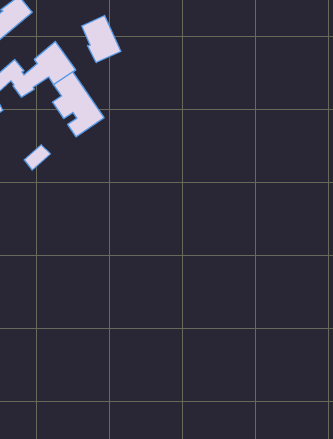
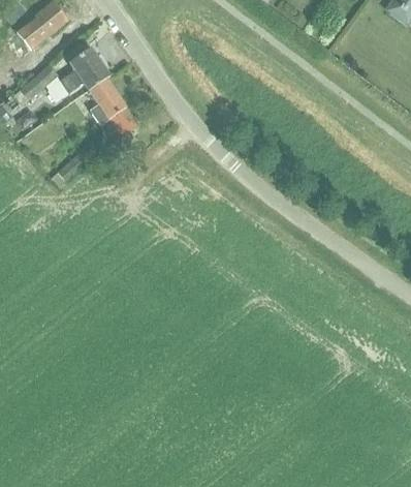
building: [82,15,121,63] -> none

